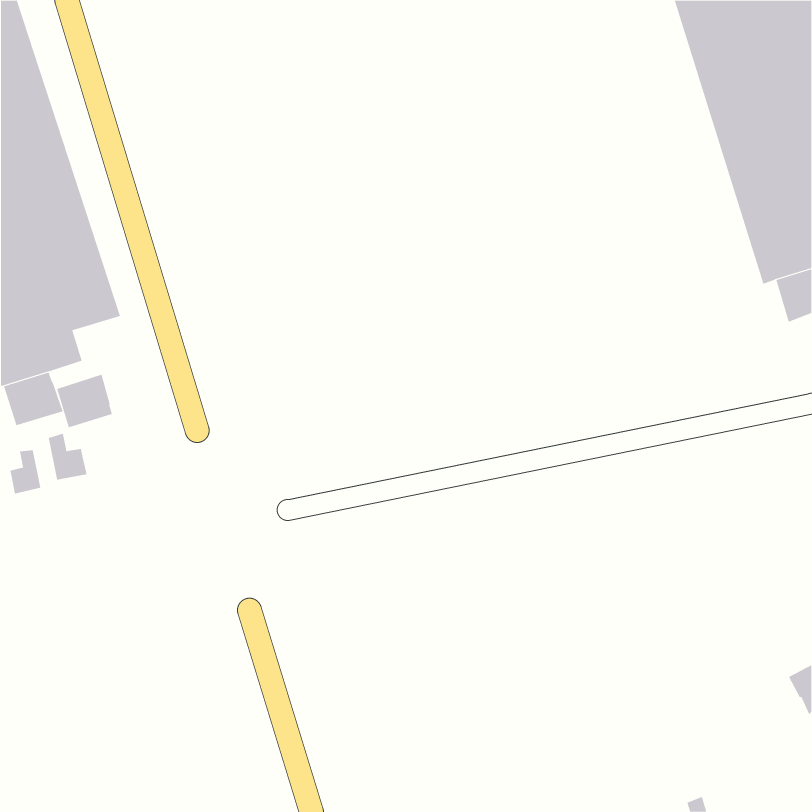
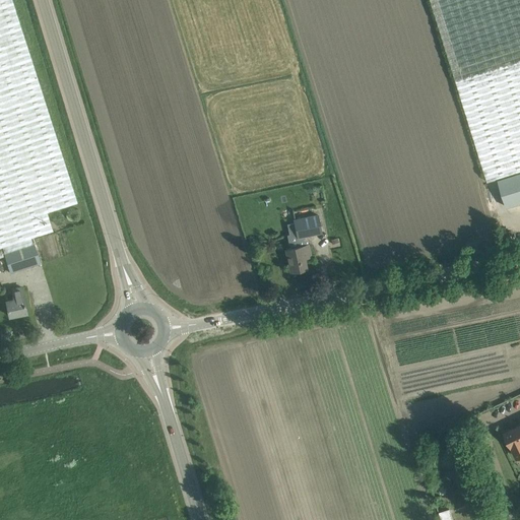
building: none -> [285,216,320,271]
building: [57,374,113,428] -> none
building: [48,433,87,480] -> none

